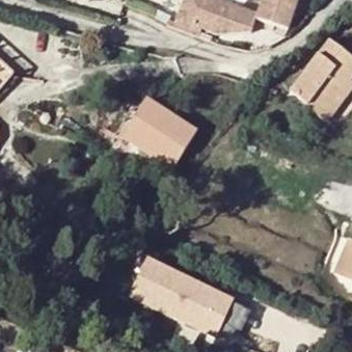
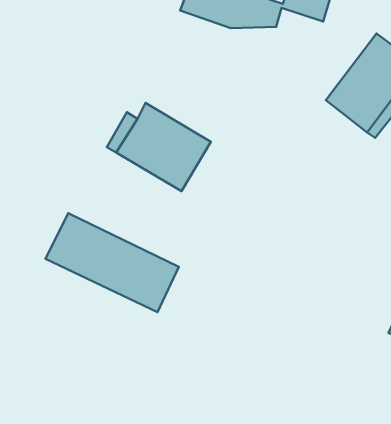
building: [131,260,235,336] -> [45,213,179,312]

